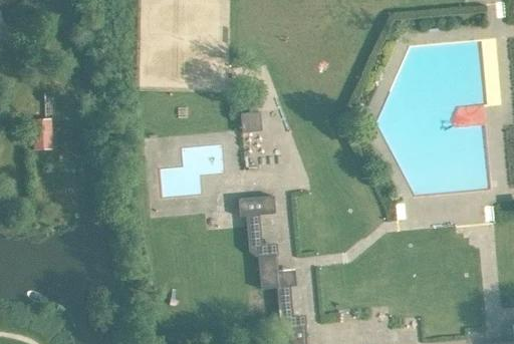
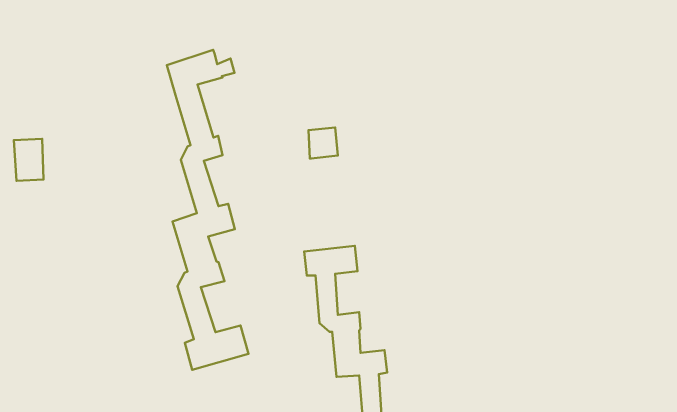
building: none -> [167,50,249,370]

